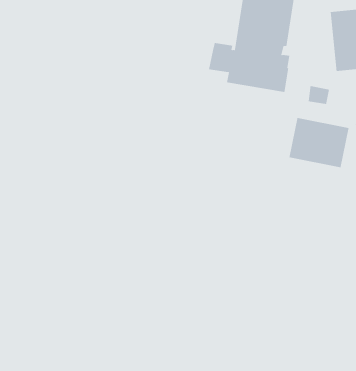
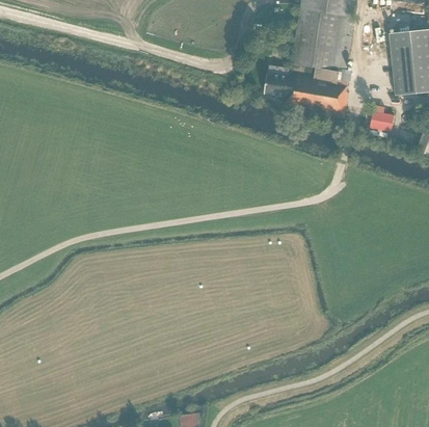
building: [289,117,349,168] -> none

